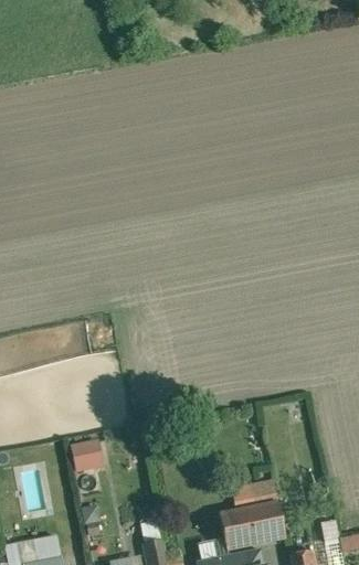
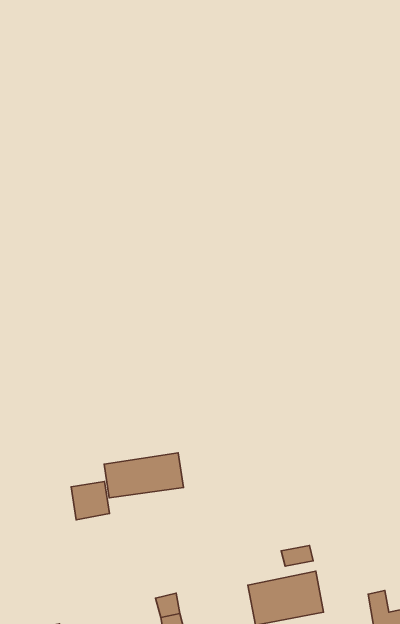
building: none -> [104,453,184,498]

